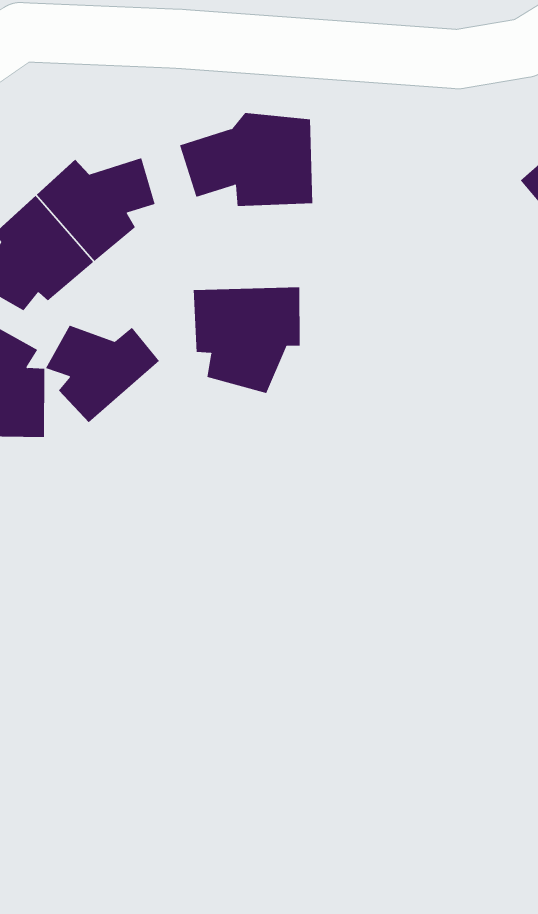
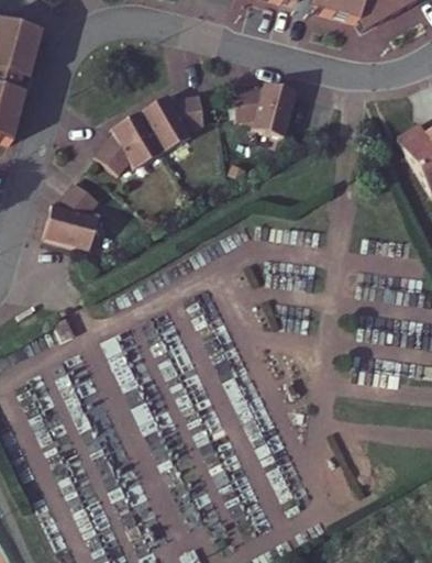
building: [193,286,300,394] -> none
building: [45,325,160,423] -> none

